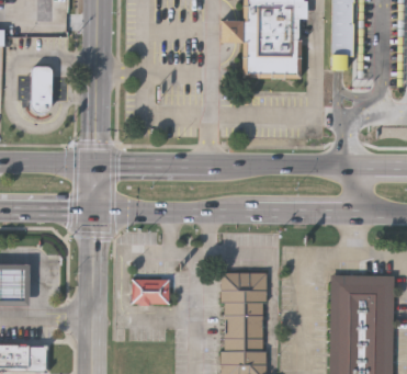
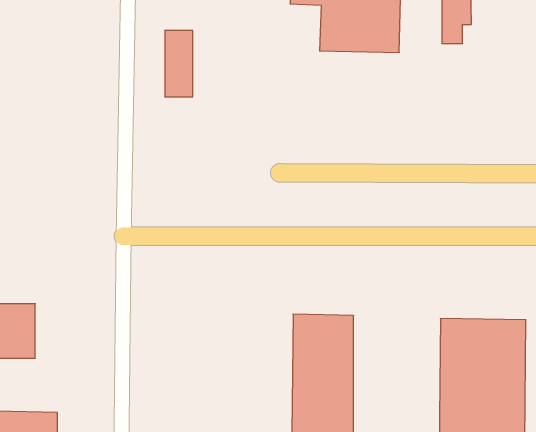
building: [30,68,50,117] -> [165,31,193,97]
building: [134,279,170,305] -> none

